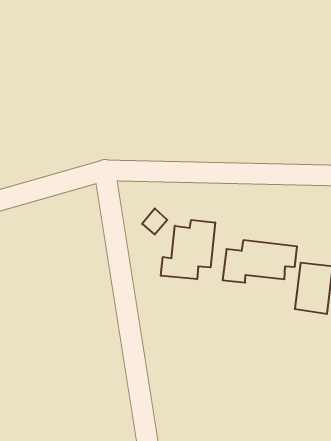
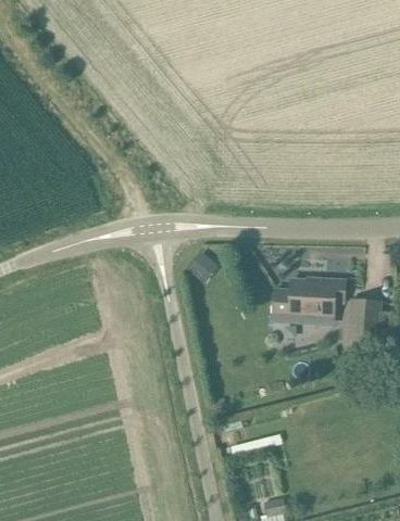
building: [161,220,215,279] -> none

